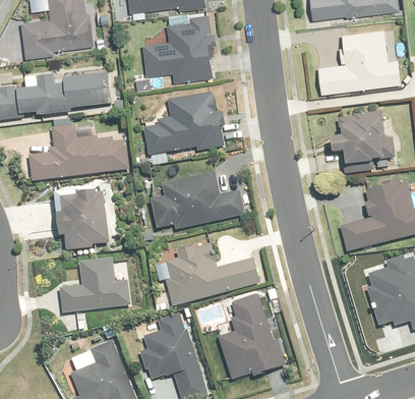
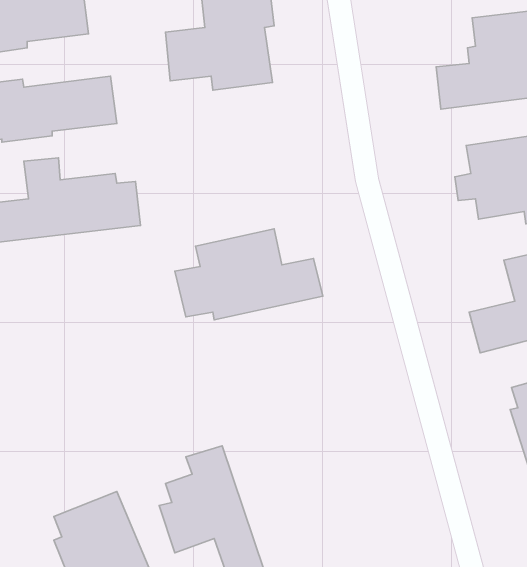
building: [143,92,223,155] -> none
building: [54,189,109,249] -> none
building: [154,241,258,305] -> none
building: [60,258,129,314] -> none
building: [218,293,285,379] -> none

